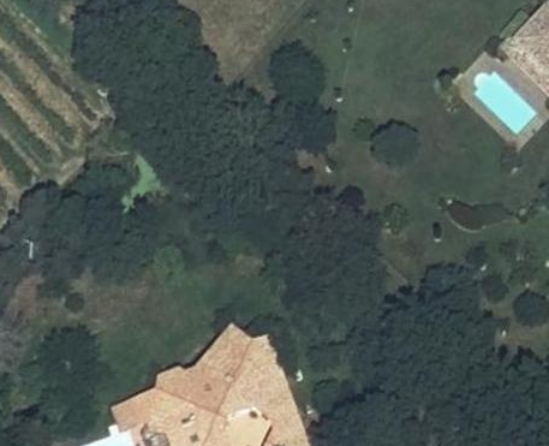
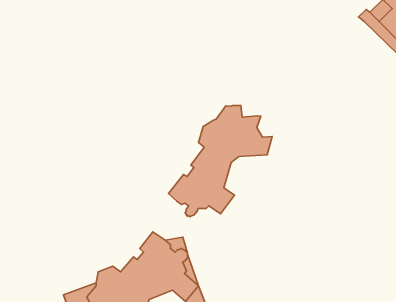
building: none -> [169,105,272,217]

